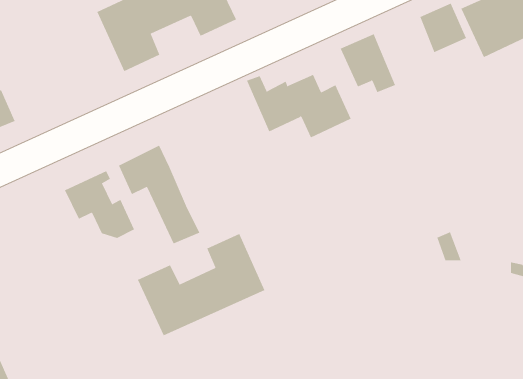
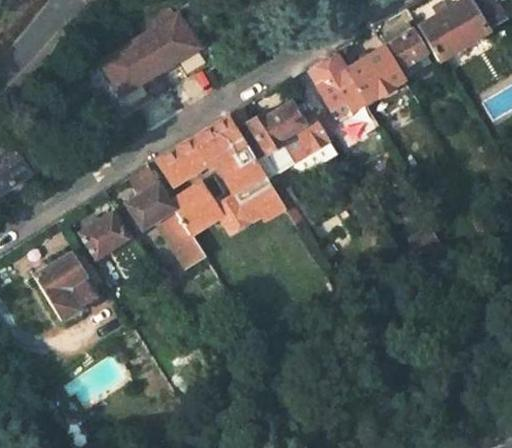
building: none -> [346,45,402,102]
building: none -> [158,114,283,233]
building: none -> [32,255,90,322]
building: [137,233,265,336] -> none

